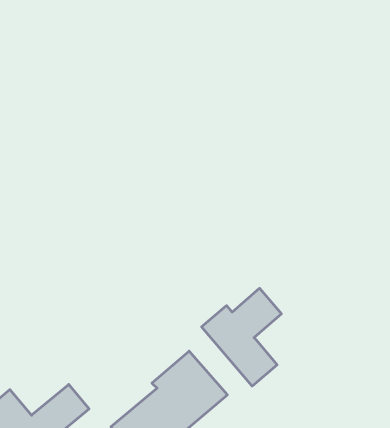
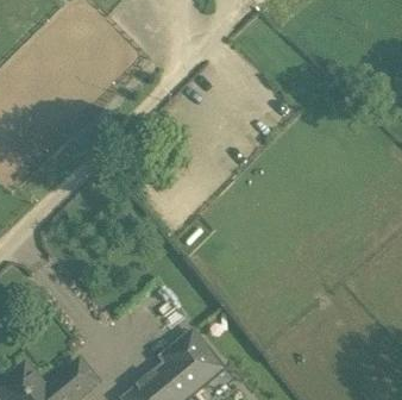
building: [202,288,281,386] -> none

